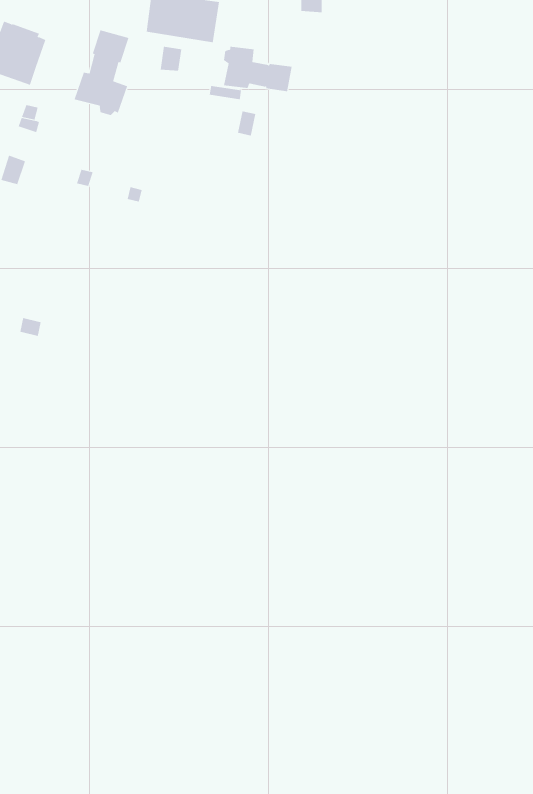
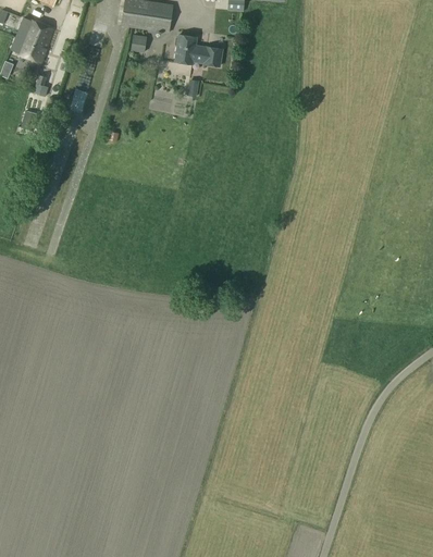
building: [74,29,129,116] -> none

